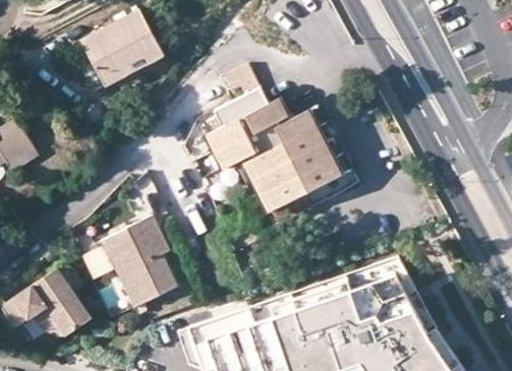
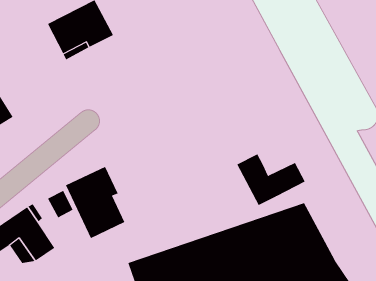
building: [198,63,341,210] -> none
building: none -> [237,154,305,206]

